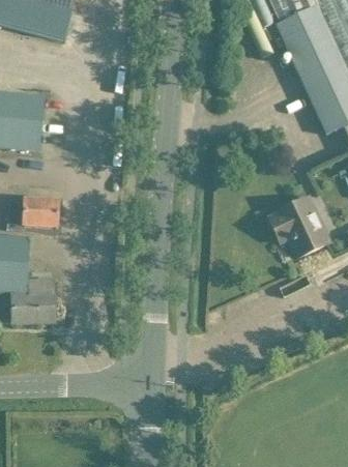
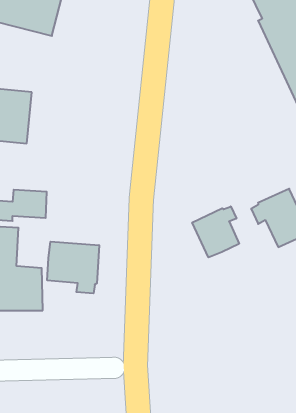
building: none -> [192,206,239,257]
building: none -> [47,242,99,293]

